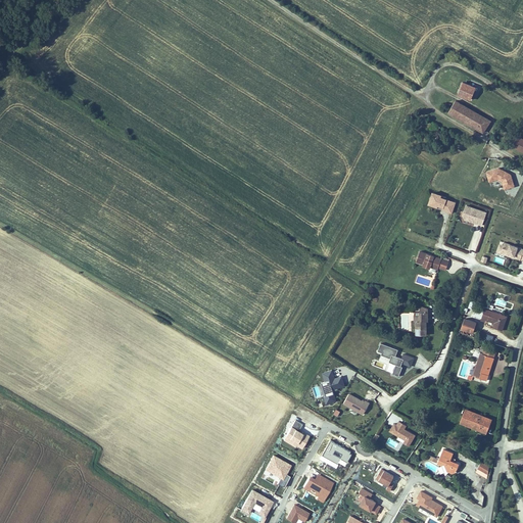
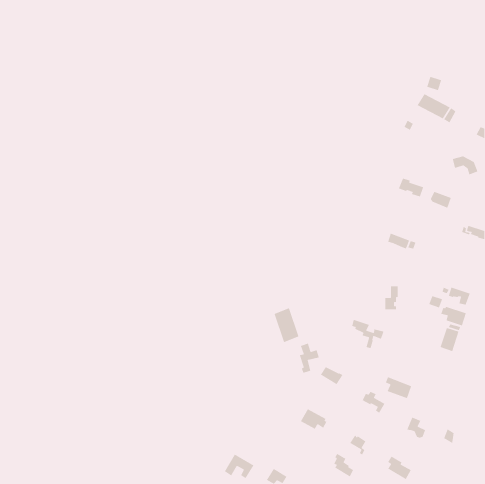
building: none -> [440,306,467,326]
building: none -> [273,307,299,343]
building: [462,409,491,433] -> [385,376,412,399]
building: [284,420,310,448] -> none
building: [266,455,292,488] -> none
building: [303,474,334,503] -> none

